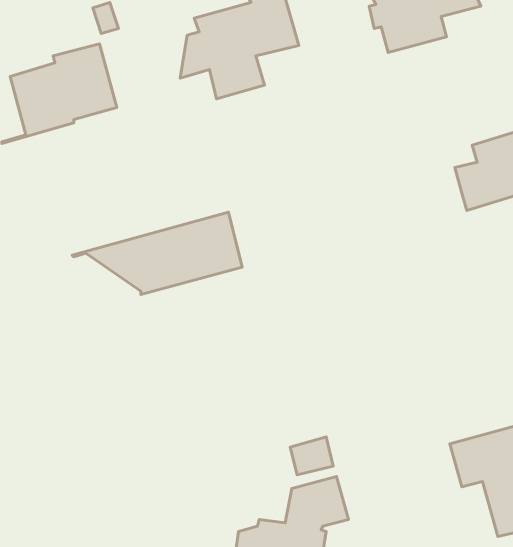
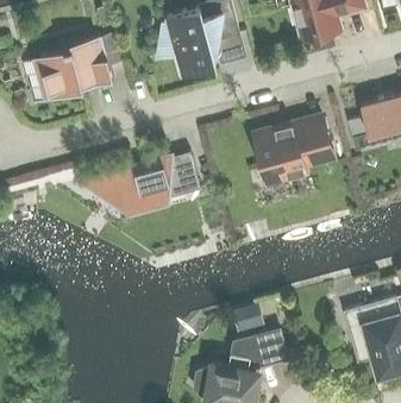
building: none -> [255,115,332,182]

